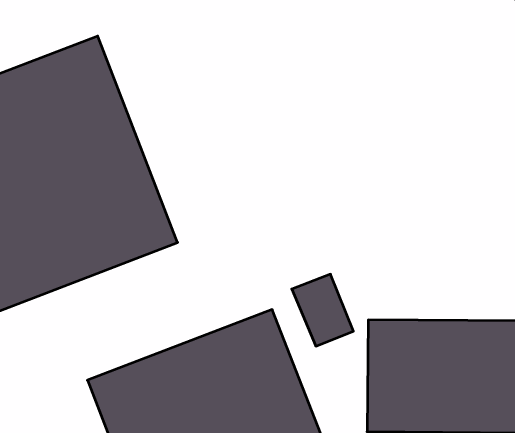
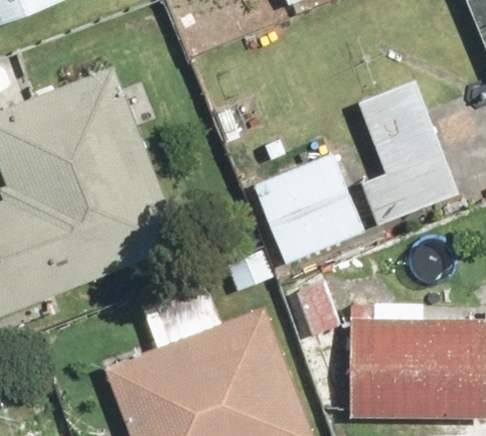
building: none -> [361,81,459,226]
building: none -> [252,154,366,267]

